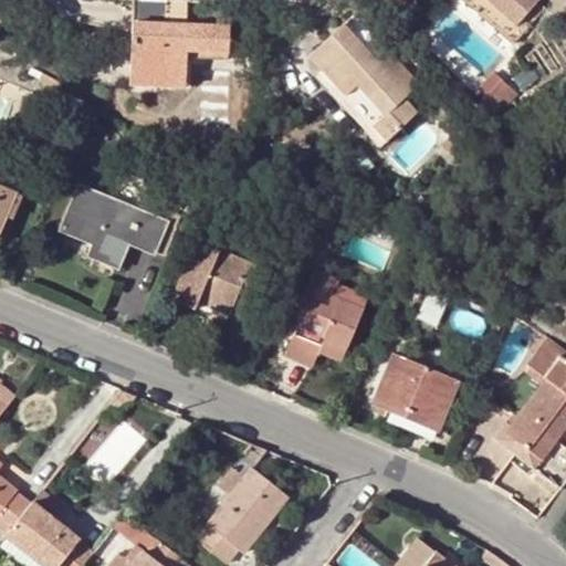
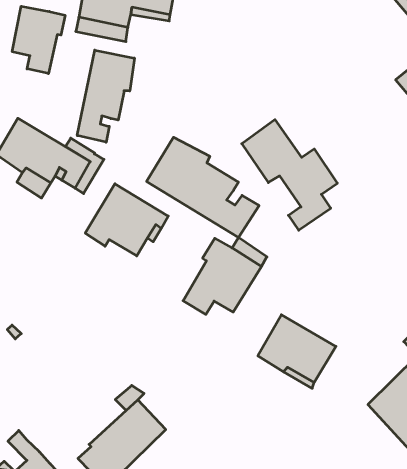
building: [311,27,419,142] -> [242,120,337,230]
building: none -> [12,6,65,74]
building: none -> [77,50,134,142]
building: none -> [147,137,259,237]

